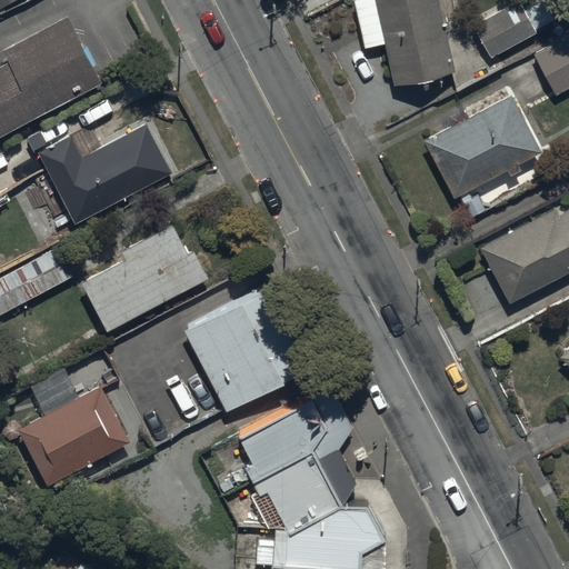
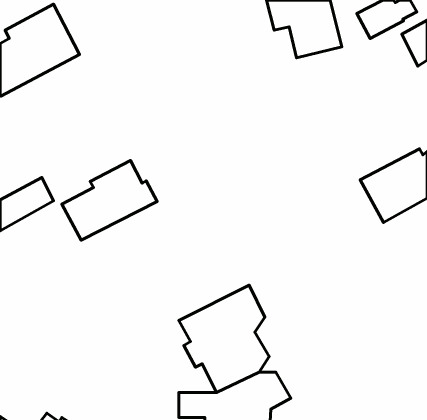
building: [425,96,541,201] -> none
building: [37,124,174,224] -> none
building: [182,287,313,413] -> none
building: [19,372,130,486] -> none

